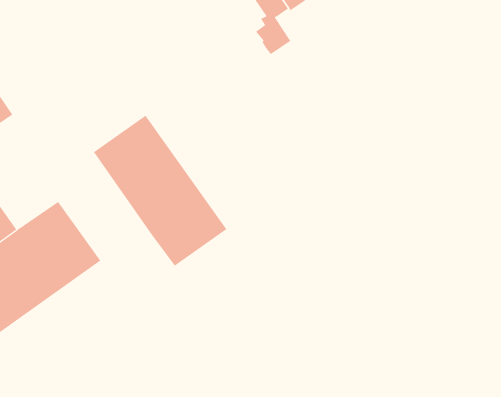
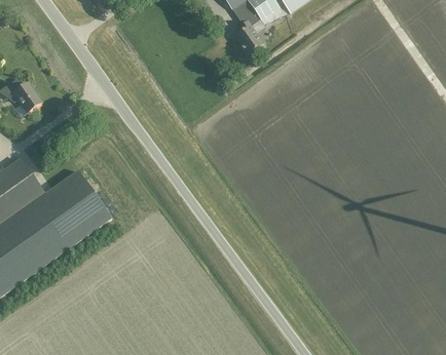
building: [93,115,227,267] -> none

